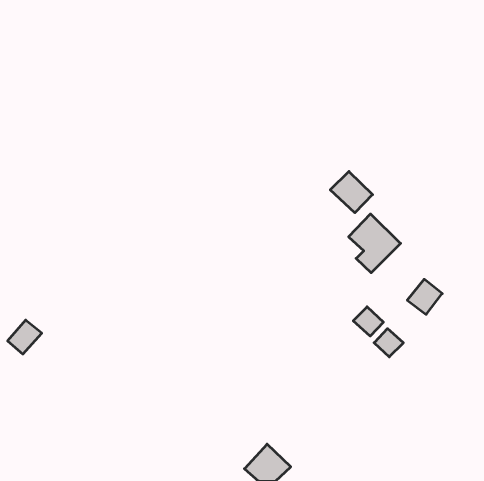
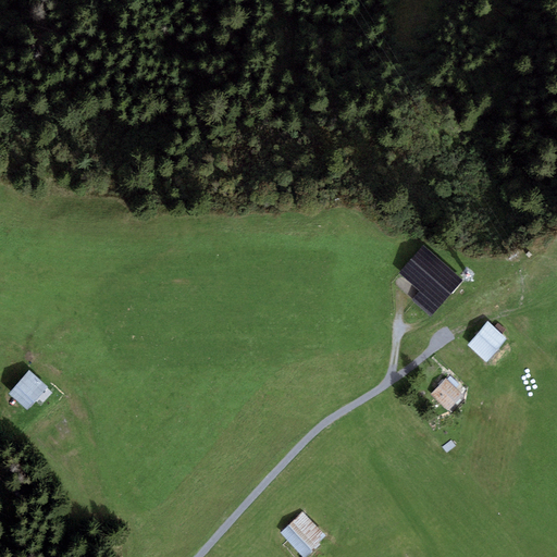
building: [330,171,373,213] -> none
building: [353,307,383,336] -> none

